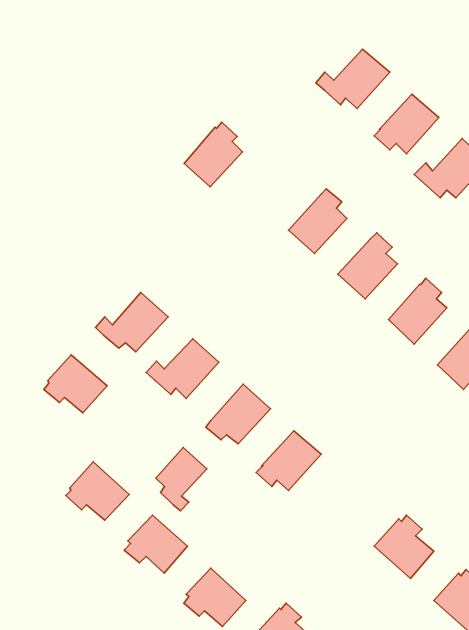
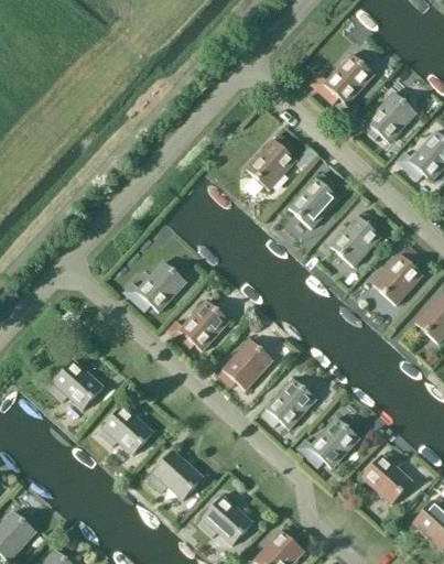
building: [184,122,242,187] -> [247,134,296,189]
building: [44,355,107,413] -> [50,360,104,410]
building: [156,447,207,511] -> none
building: none -> [296,417,359,468]

